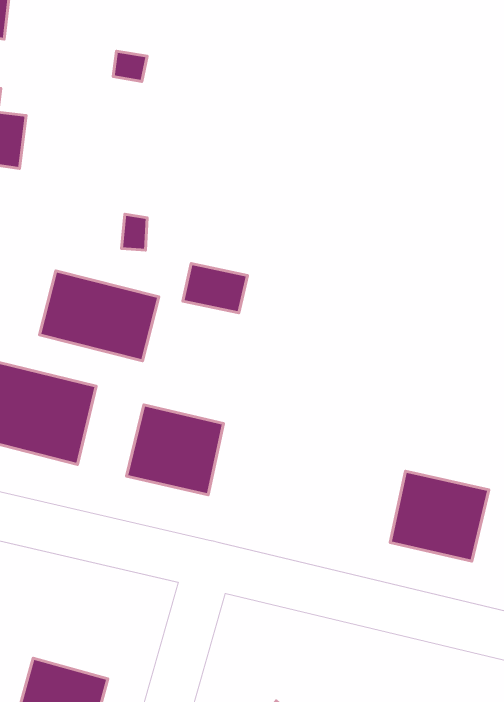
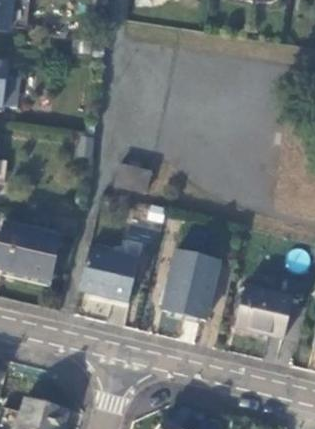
building: [40,271,159,361] -> none
building: none -> [162,249,220,320]

